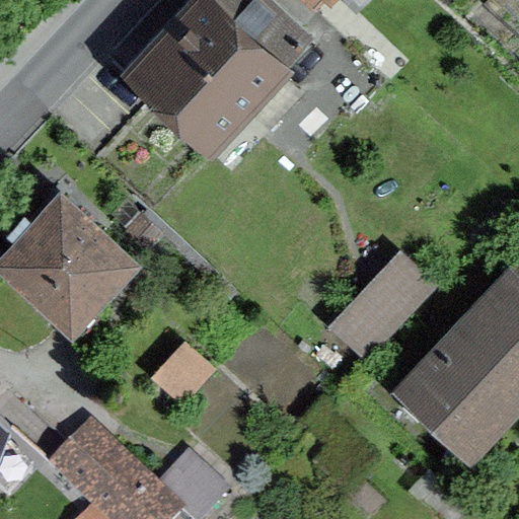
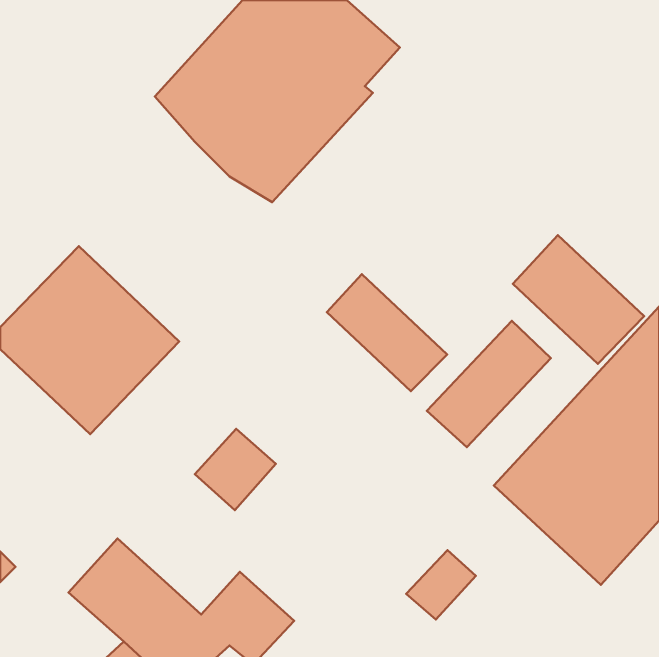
building: none -> [513,235,644,364]
building: none -> [327,274,447,391]

